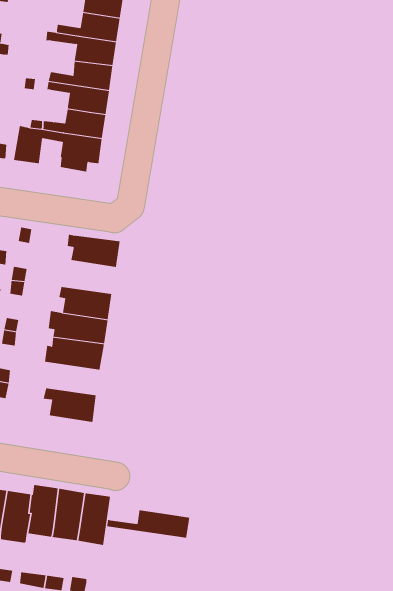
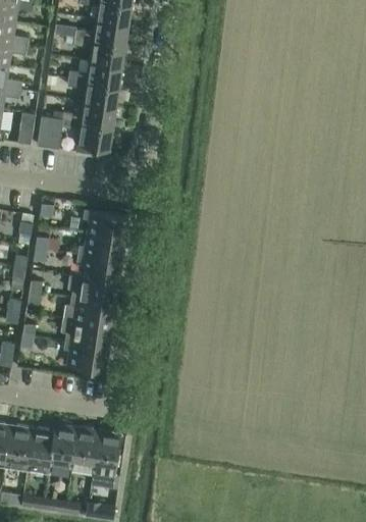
building: none -> [77,231,125,260]
building: none -> [61,318,111,347]
building: [107,510,190,538] -> none

